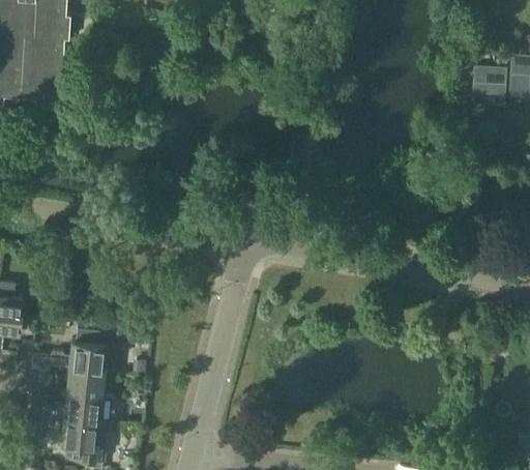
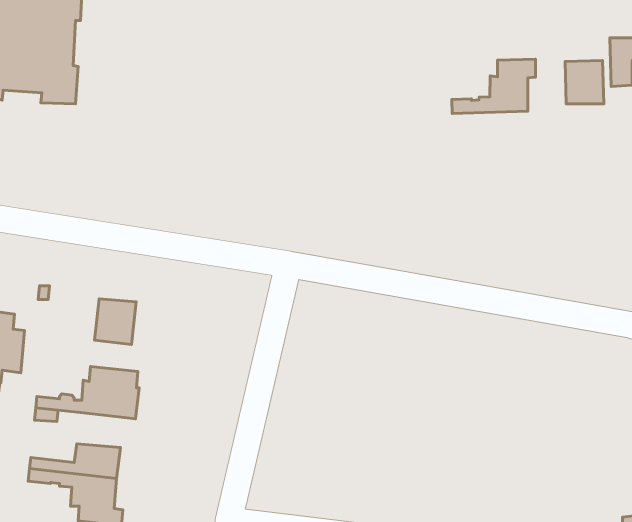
building: none -> [452,59,535,113]
building: none -> [95,299,136,344]
building: [65,368,105,396] -> none

